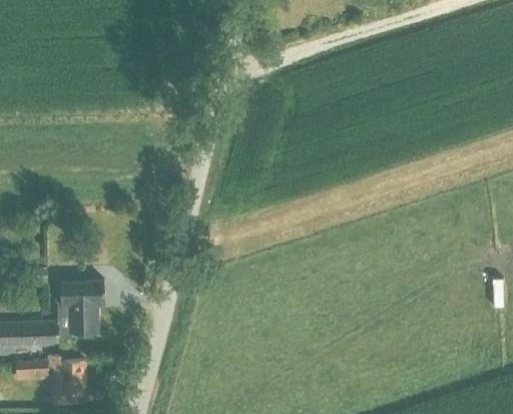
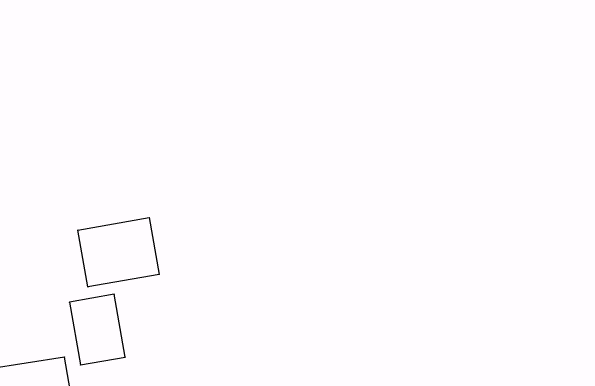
building: none -> [78,218,159,287]

